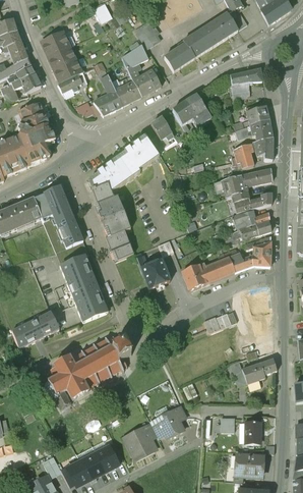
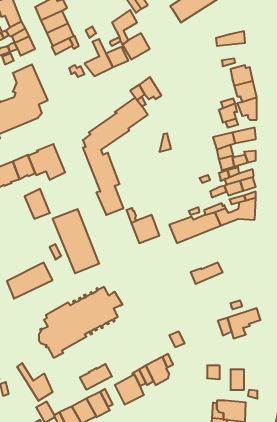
building: [163,44,193,71] -> none
building: [172,93,210,129] -> none
building: [56,215,82,247] -> [25,189,50,219]
building: none -> [17,363,53,401]
building: none -> [80,364,112,390]

